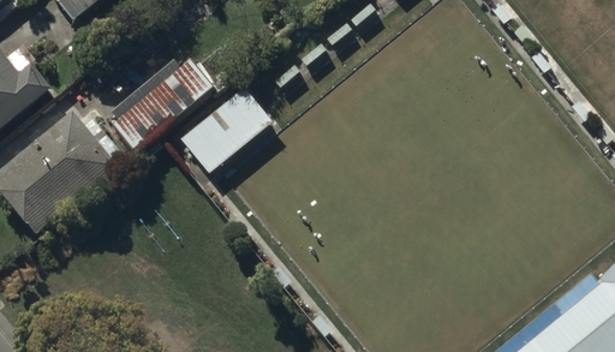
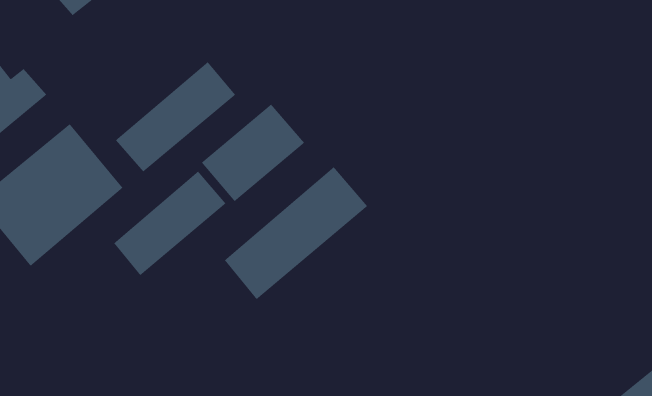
building: none -> [224,166,368,300]
building: none -> [113,170,227,276]

